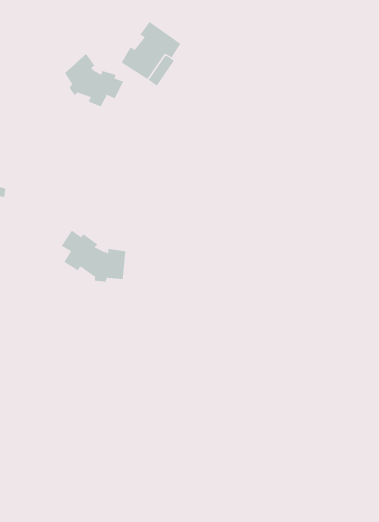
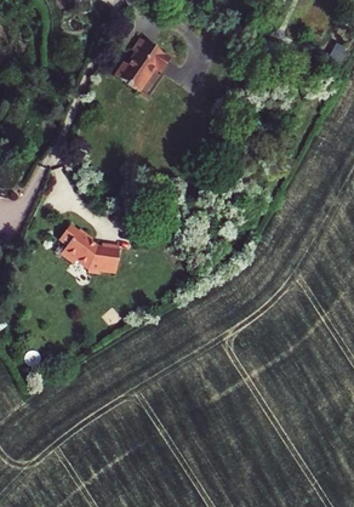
building: [64,53,124,107] -> none

